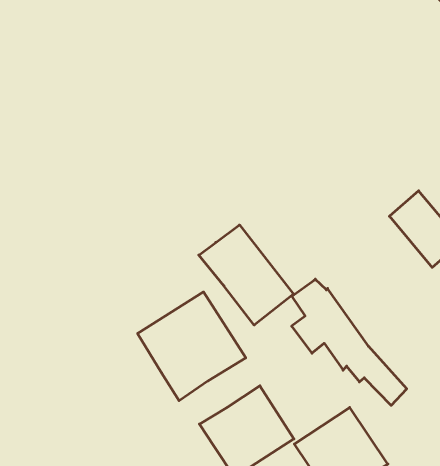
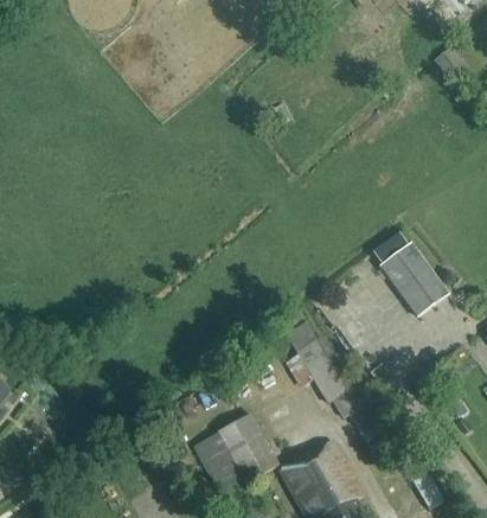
building: [199,225,294,325] -> none
building: [138,292,246,401] -> none

